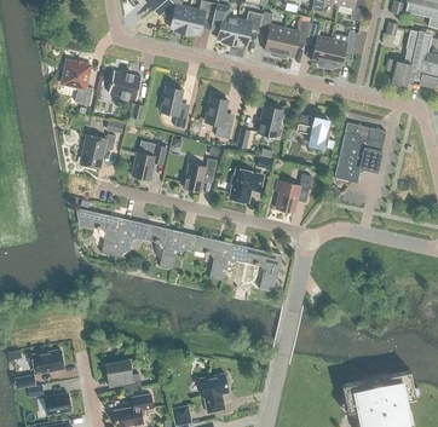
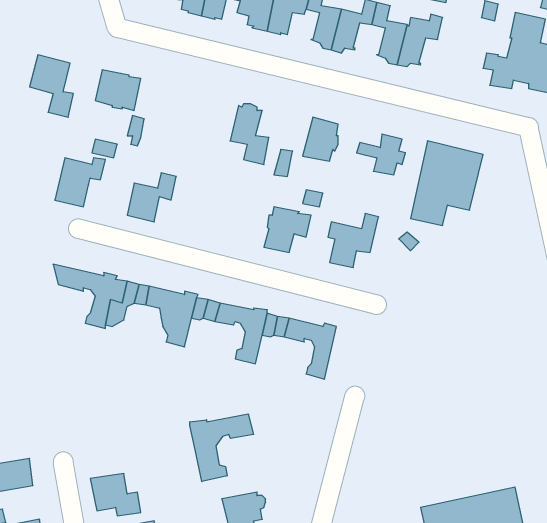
building: [160,83,188,128] -> none
building: [183,157,217,191] -> none
building: none -> [190,414,254,482]

